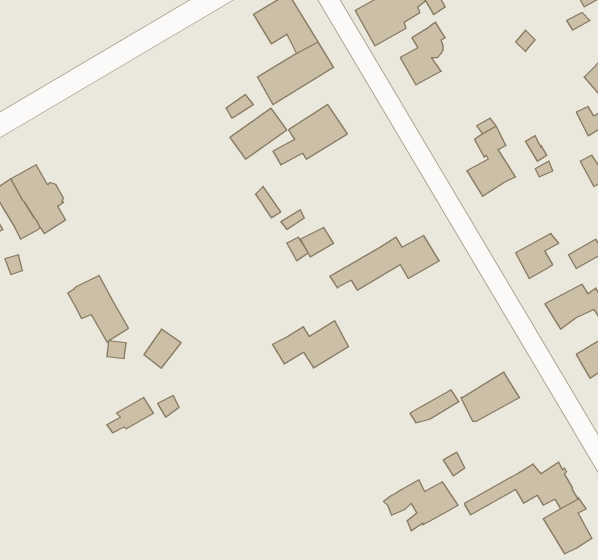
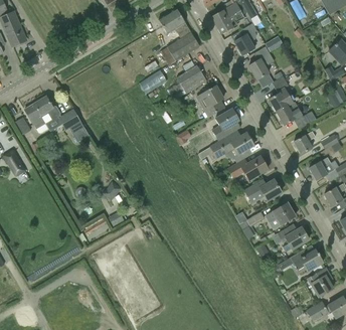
building: none -> [248,46,274,79]
building: none -> [196,86,223,116]
building: none -> [276,101,310,129]
building: none -> [212,108,238,140]
building: [68,276,128,342] -> [57,108,89,142]
building: [272,321,349,368] -> [227,155,267,179]
building: none -> [243,179,281,202]
building: [384,480,458,531] -> [271,225,309,252]

